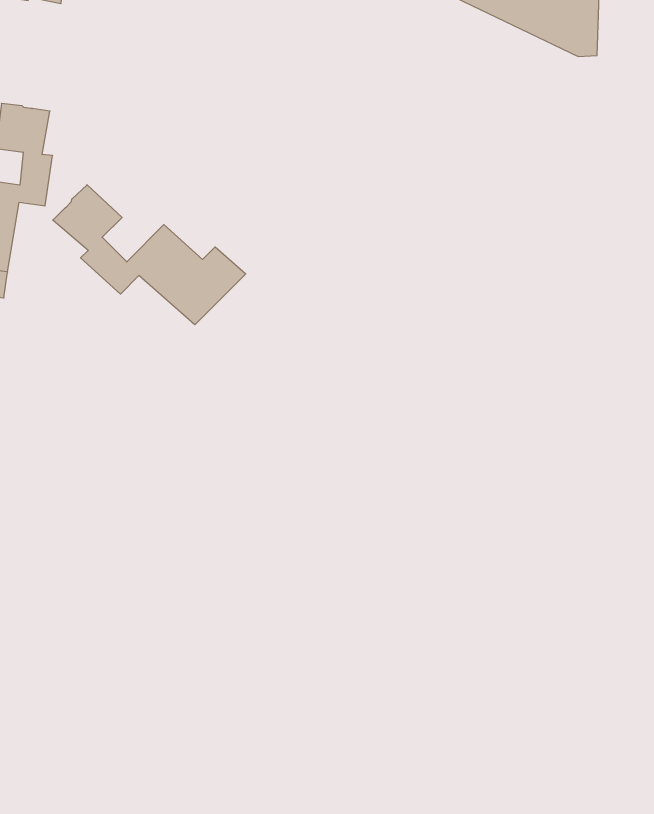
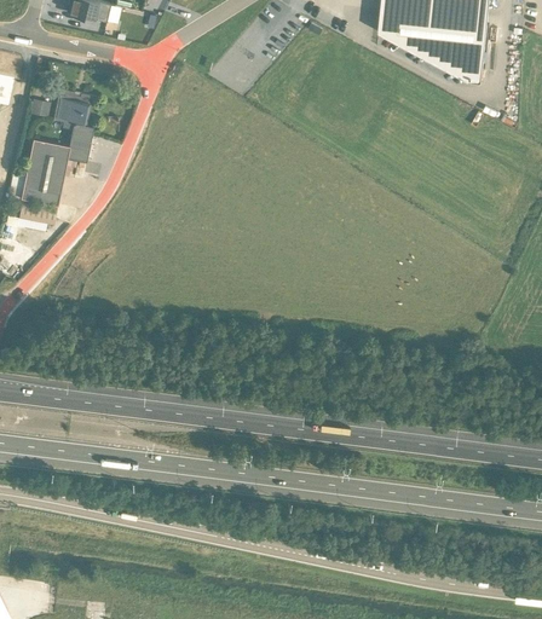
building: [53,185,246,325] -> none

